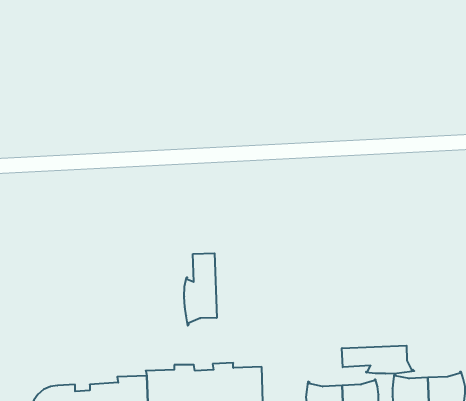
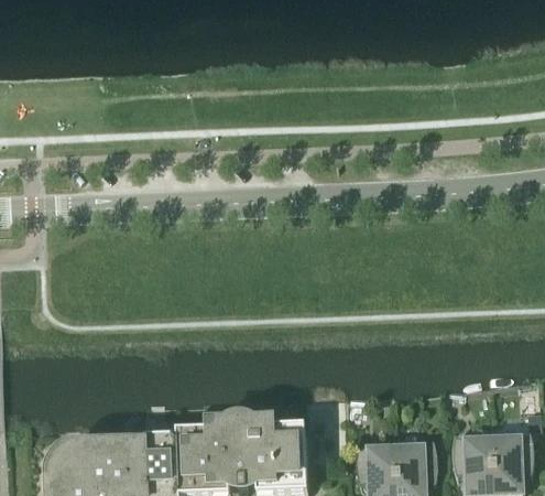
building: [184,253,217,326] -> none
building: [342,346,414,374] -> none

